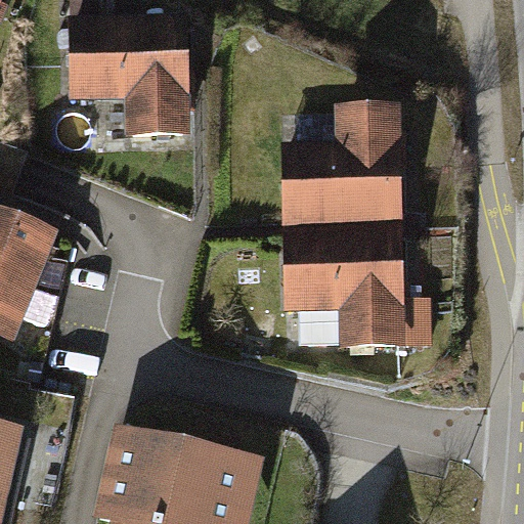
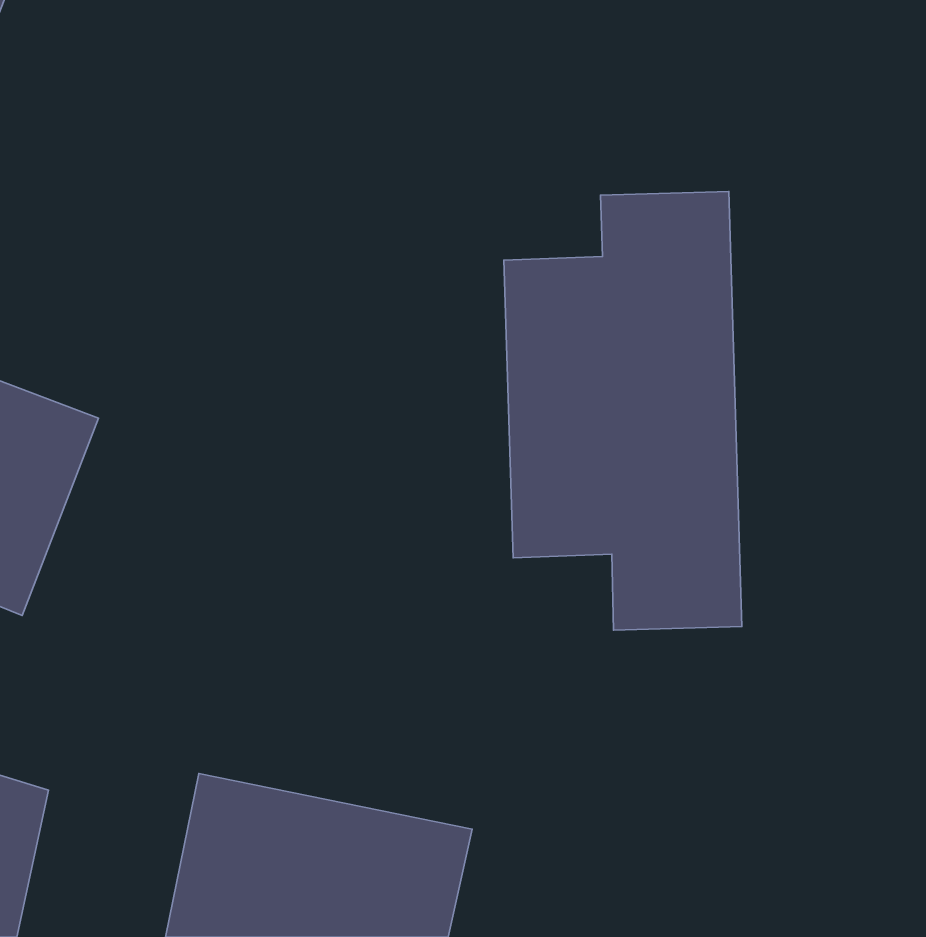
building: [70,13,196,139] -> none

